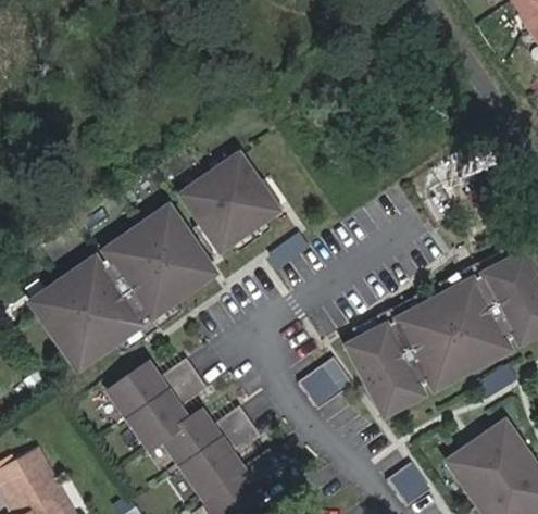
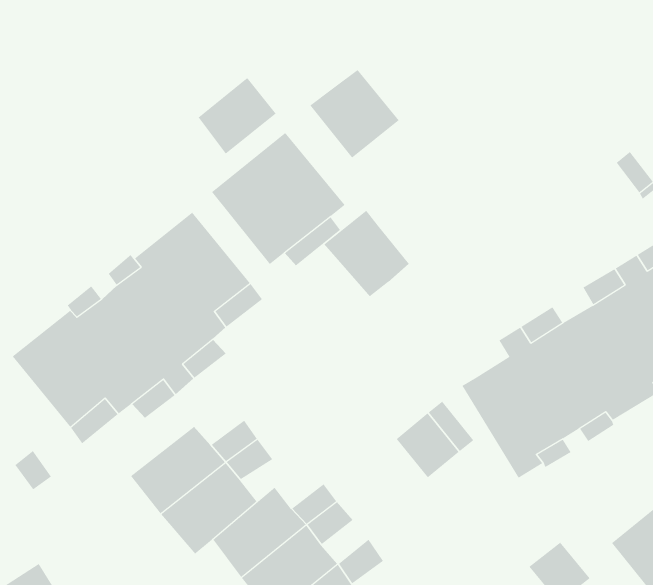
building: none -> [310,69,400,158]
building: none -> [198,77,277,155]
building: none -> [323,210,410,297]

